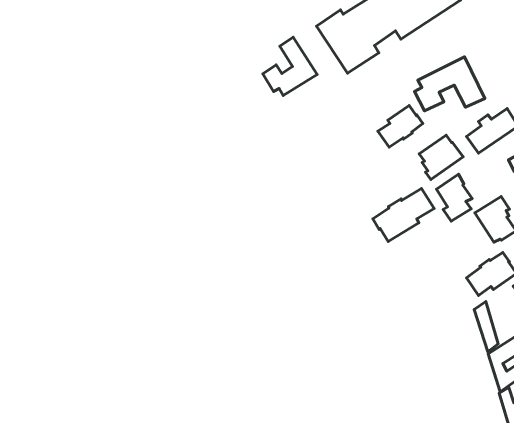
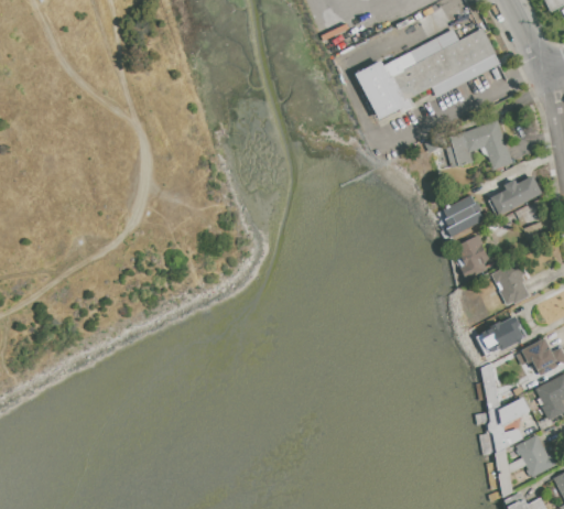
building: [263,37,317,96] -> none
building: [378,105,423,147] -> none
building: [373,189,434,242] -> none

